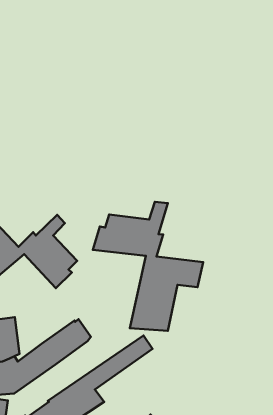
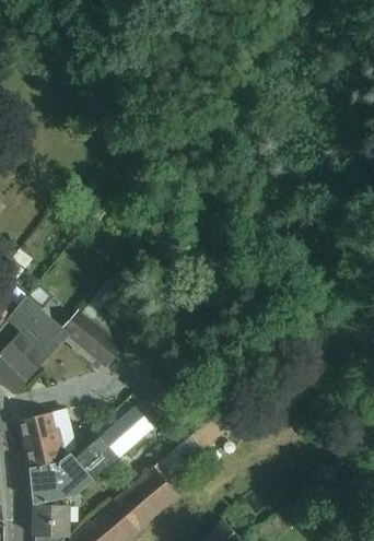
building: [93,202,203,331] -> none

